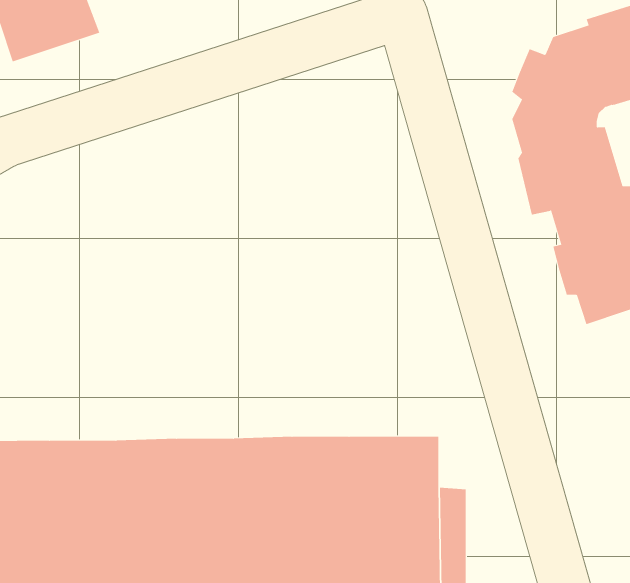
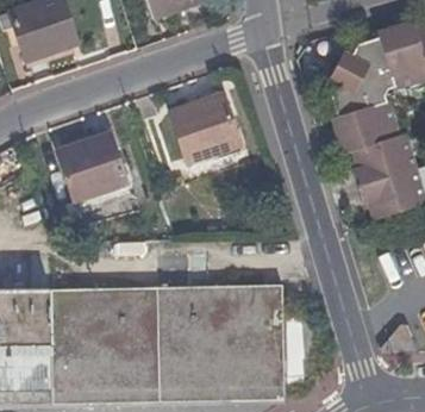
building: none -> [169,96,239,166]
building: none -> [55,135,129,204]

